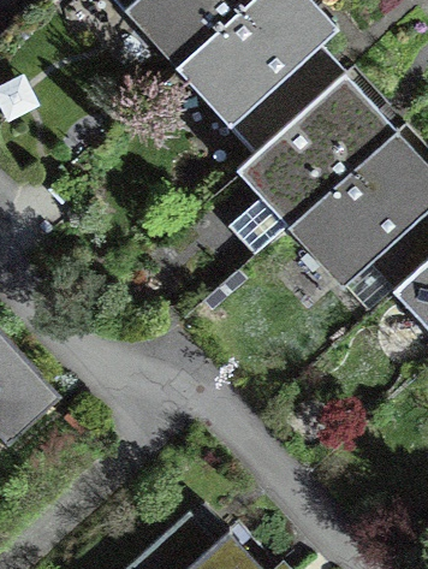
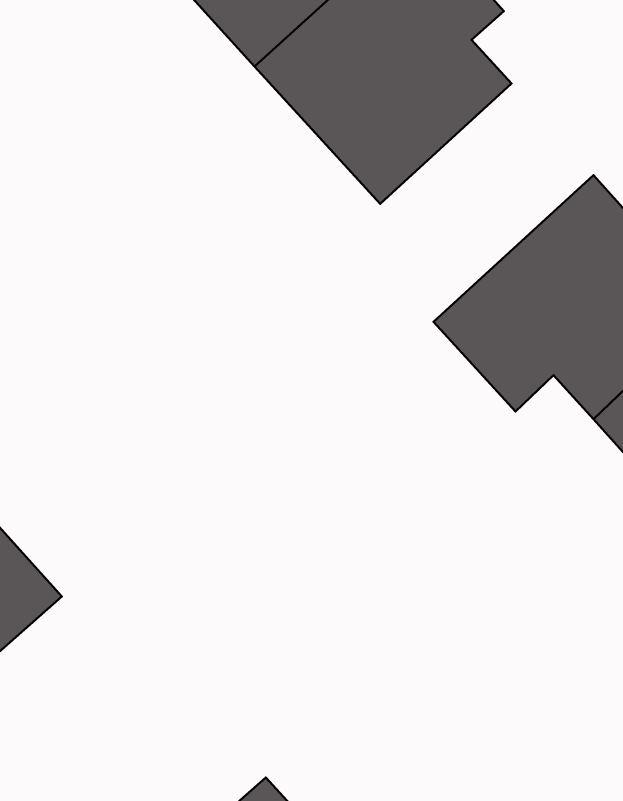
building: [230,77,393,254] -> none

